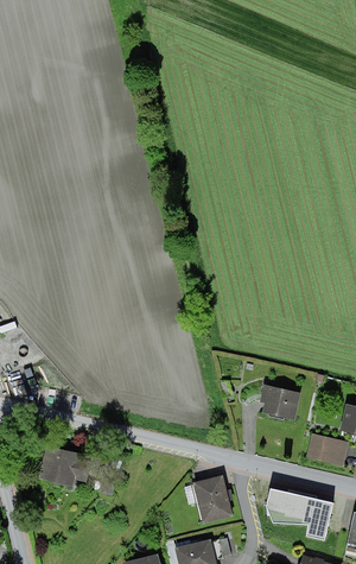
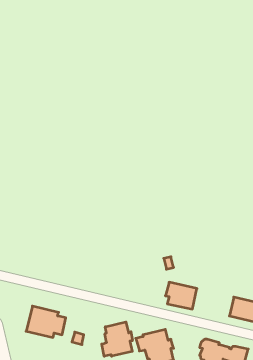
building: [259,384,300,419] -> [165,282,197,309]
building: none -> [102,322,132,356]

